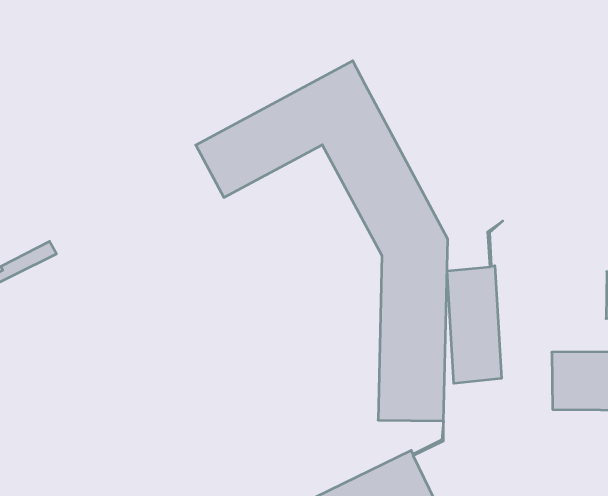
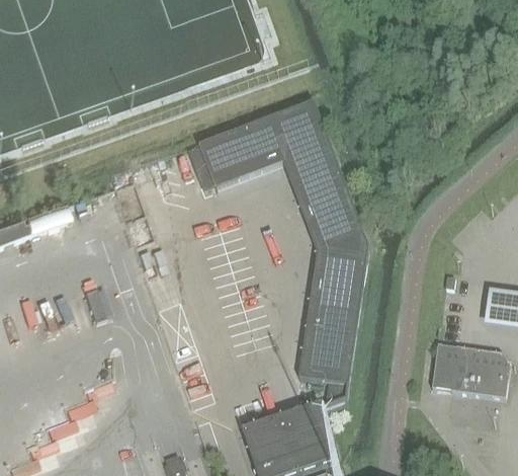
building: [447,221,503,383] -> none

